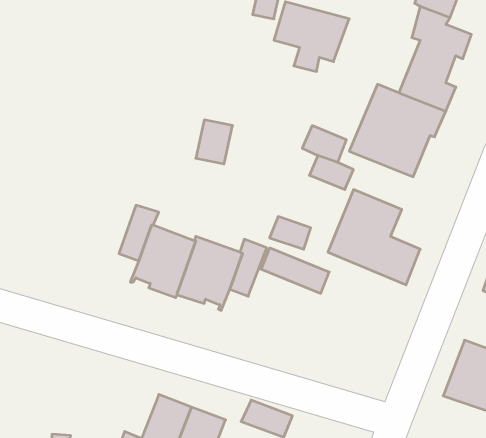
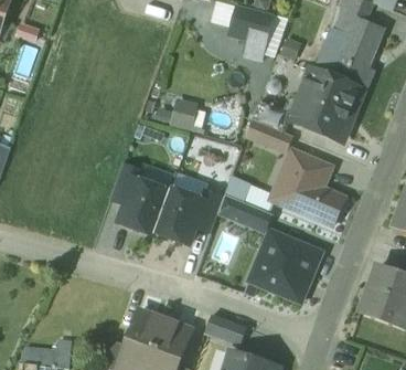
building: none -> [249,230,322,303]

